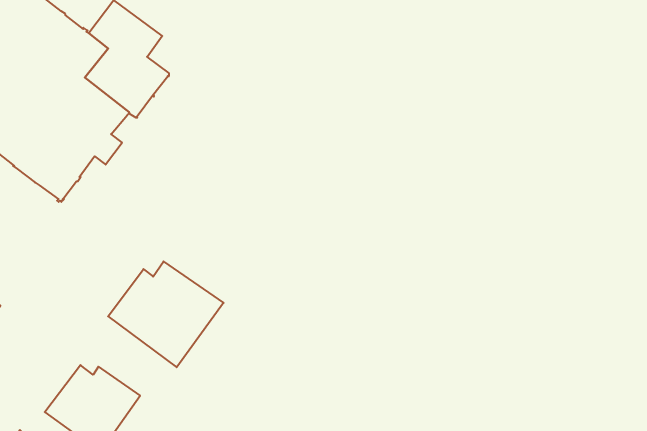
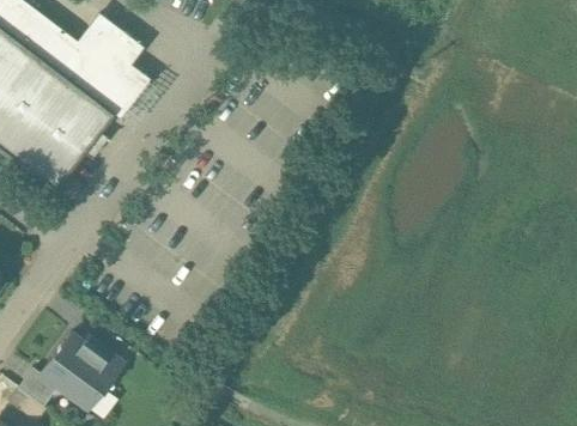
building: [108,261,224,367] -> none

